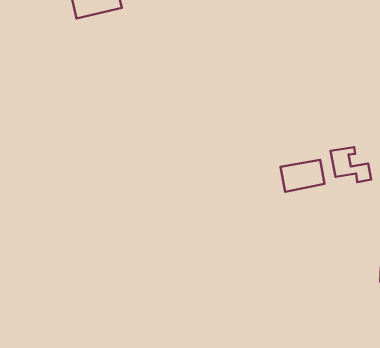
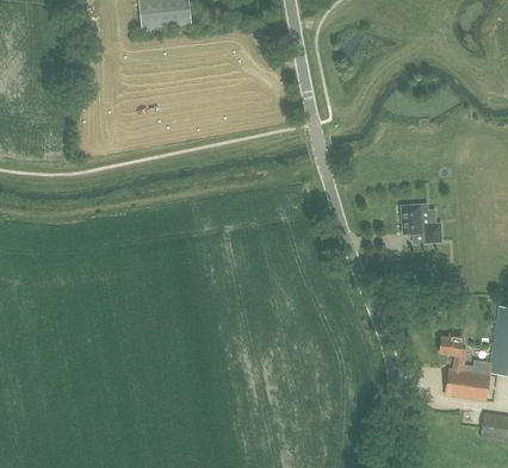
building: [281,160,325,192] -> none

